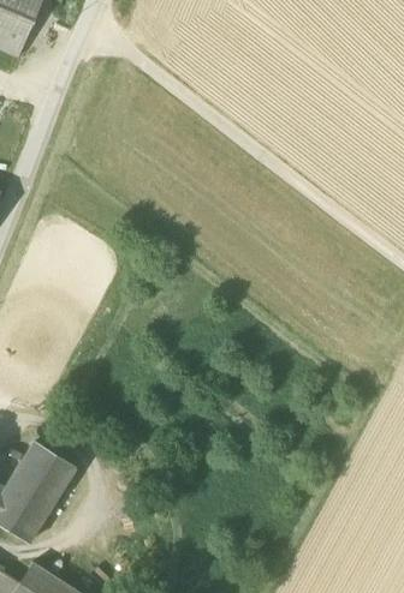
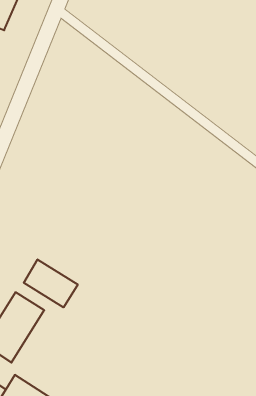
building: none -> [24,259,78,307]

